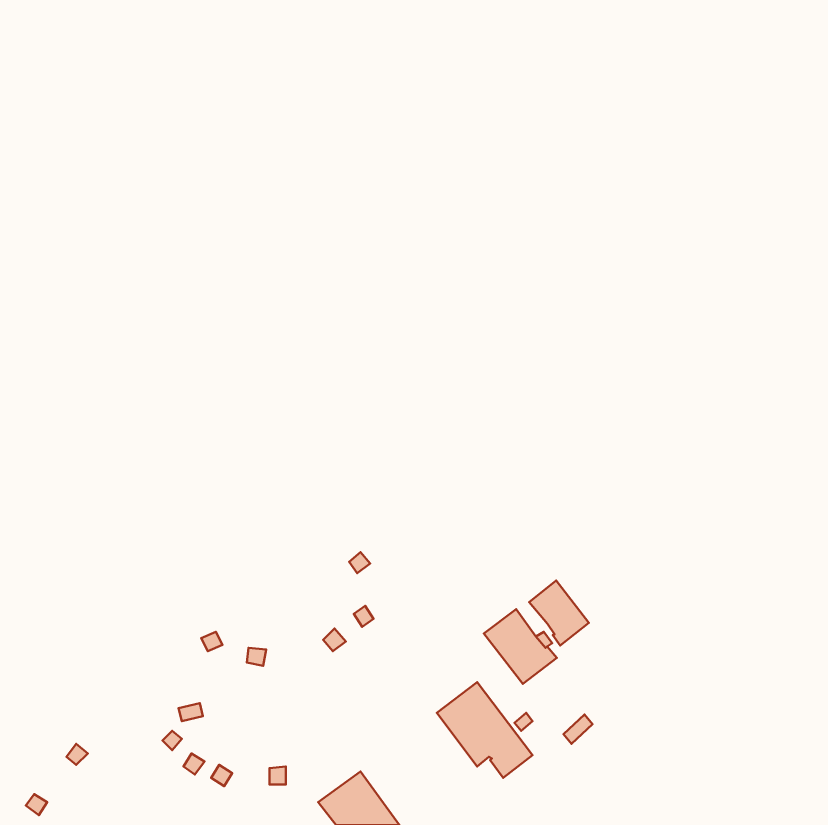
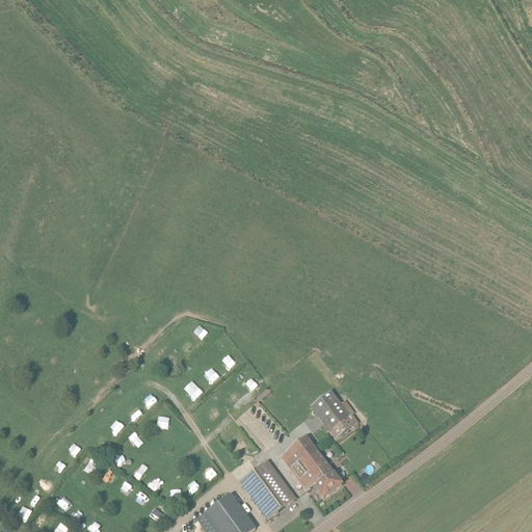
building: [529,581,589,645] -> none
building: none -> [239,459,295,518]

